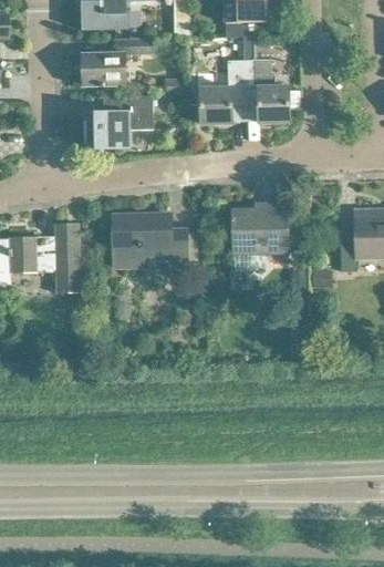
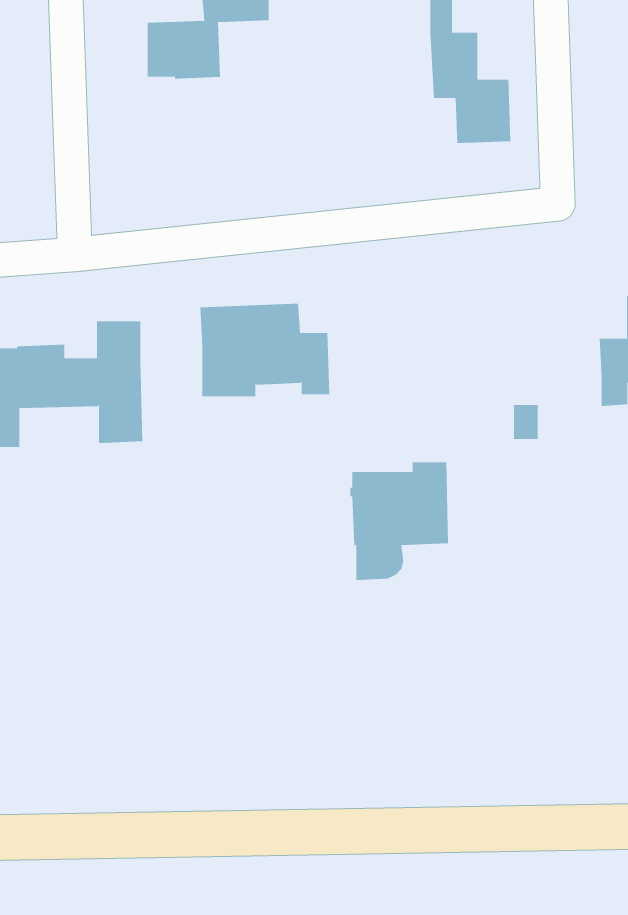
building: [201,59,247,123] -> none
building: [85,94,154,147] -> none
building: [232,203,289,270] -> [350,462,449,581]

